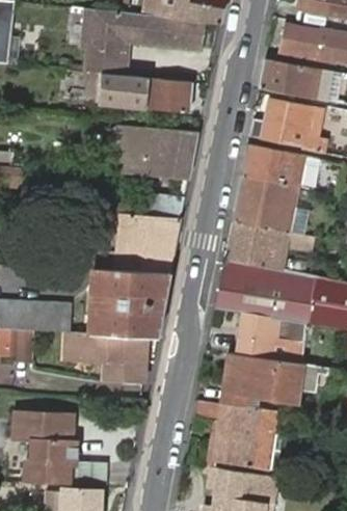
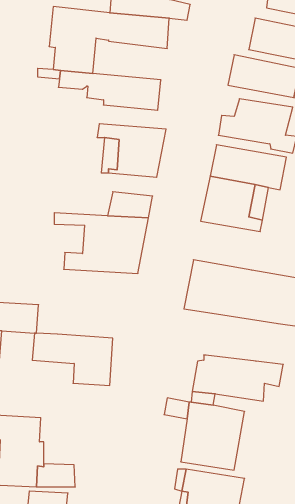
building: [224,222,316,271] -> none
building: [89,270,169,340] -> none
building: [237,314,309,361] -> none

